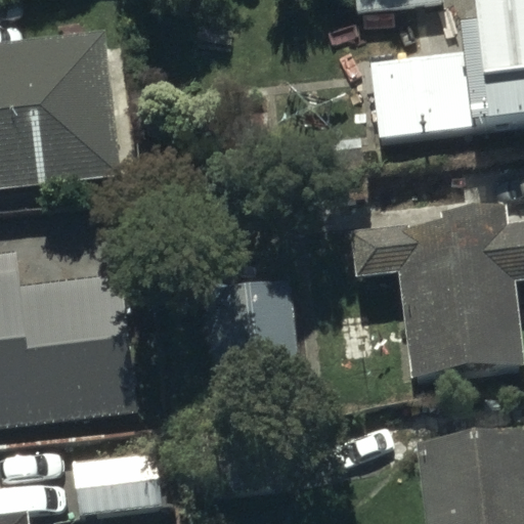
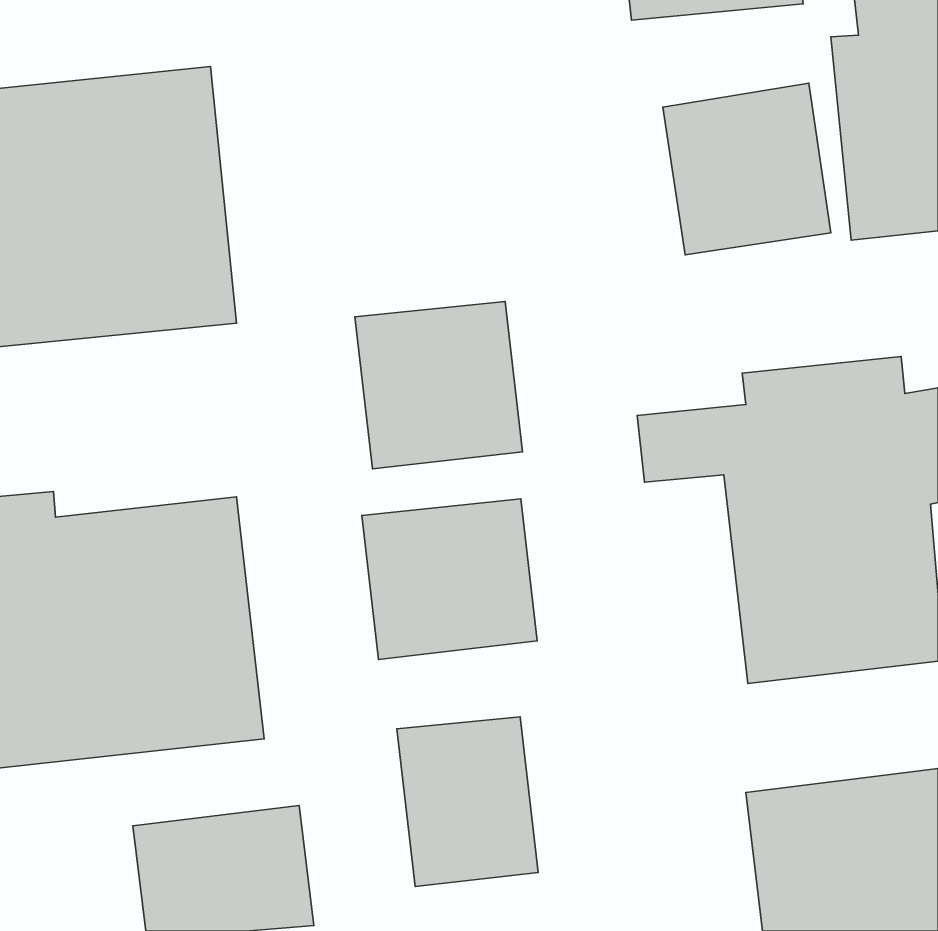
building: none -> [355,301,522,469]
building: none -> [397,717,538,886]

